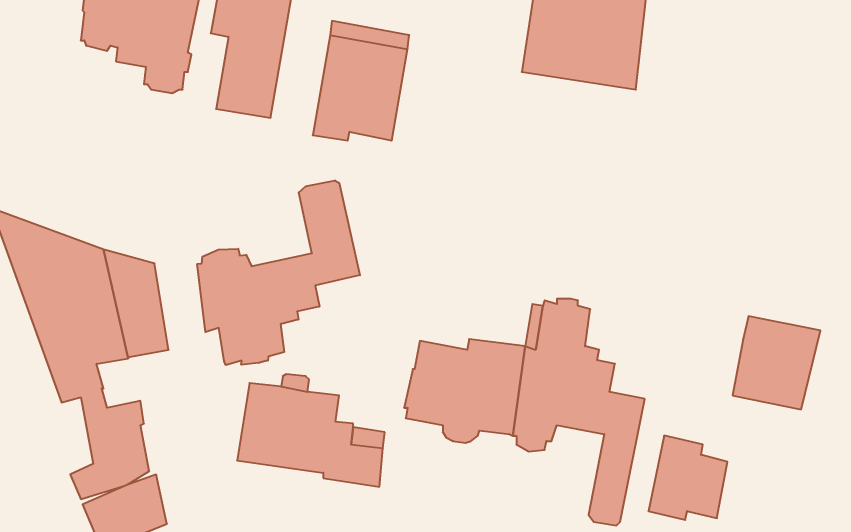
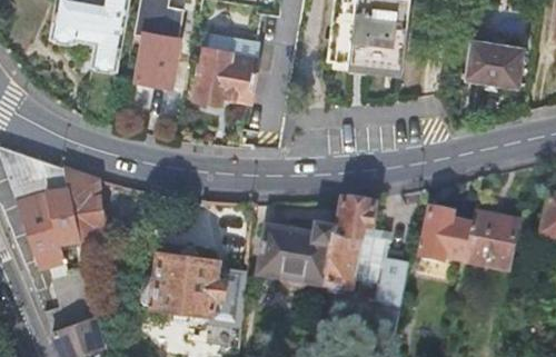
building: none -> [464,38,523,88]
building: [197,180,360,365] -> none
building: [648,436,727,520] -> [420,209,470,262]

